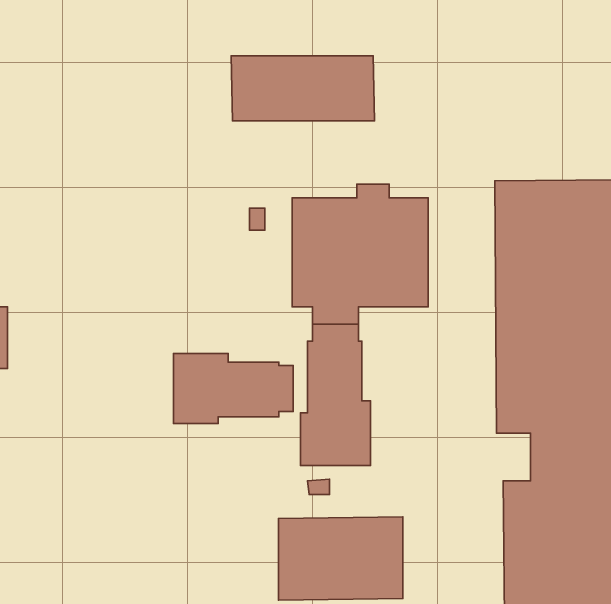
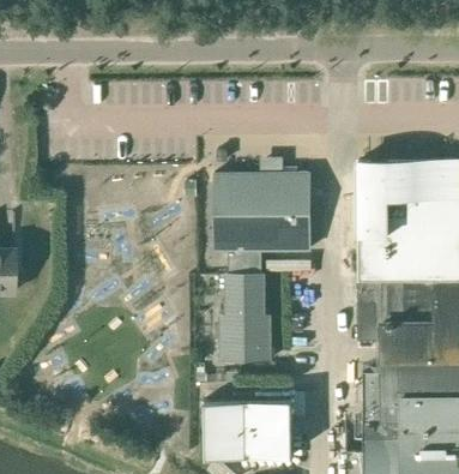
building: [231,56,375,121] -> none
building: [173,353,293,424] -> none

